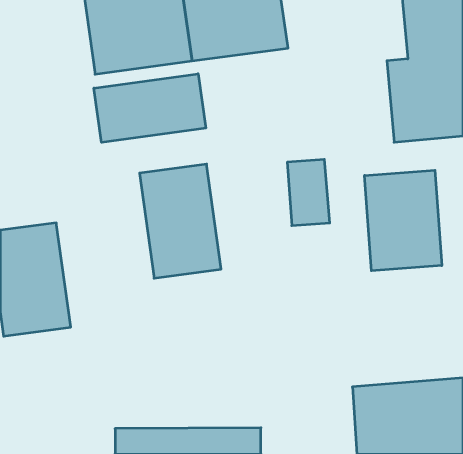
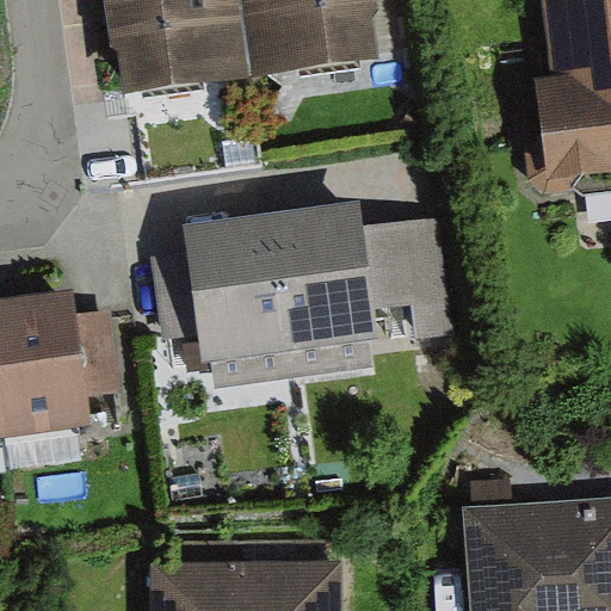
building: [94,74,206,142] -> none
building: none -> [272,203,381,354]
building: [365,170,442,271] -> none

